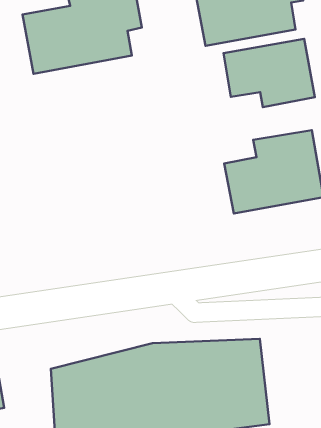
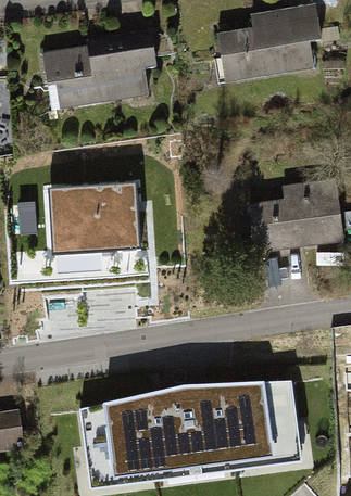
building: [224,39,315,107] -> none
building: none -> [42,179,137,253]

